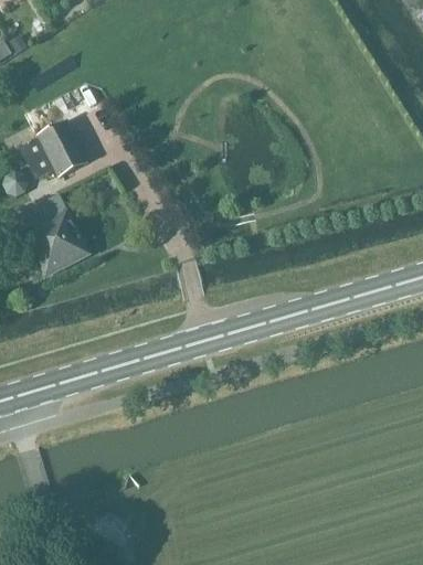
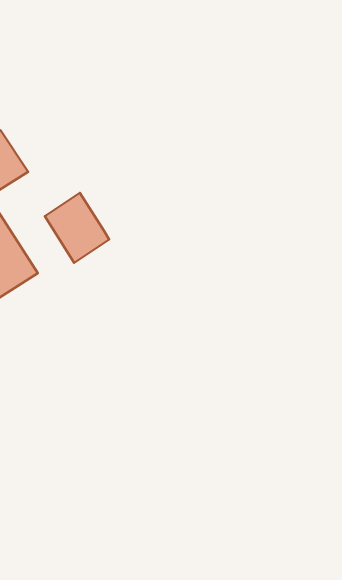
building: none -> [45,193,109,263]

